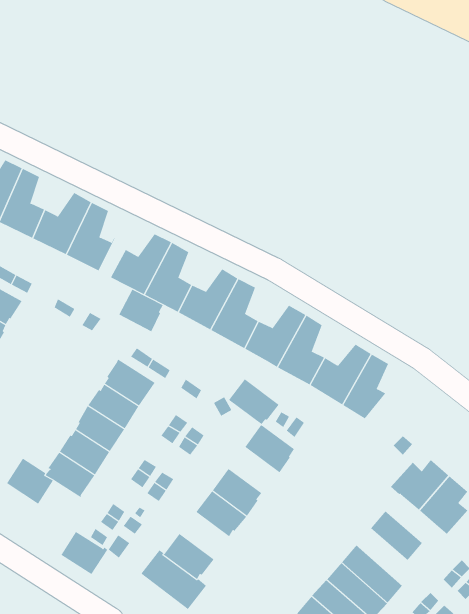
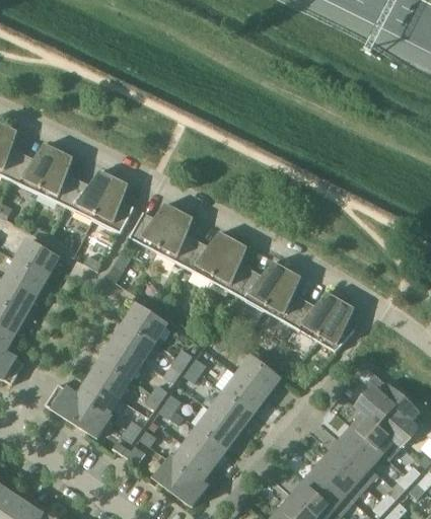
building: [118,289,163,332] -> none
building: [228,378,280,425] -> [225,374,267,412]
building: none -> [352,413,402,459]
building: none -> [186,427,226,465]
building: none -> [329,440,378,487]
building: [60,531,108,575] -> [72,401,111,437]

